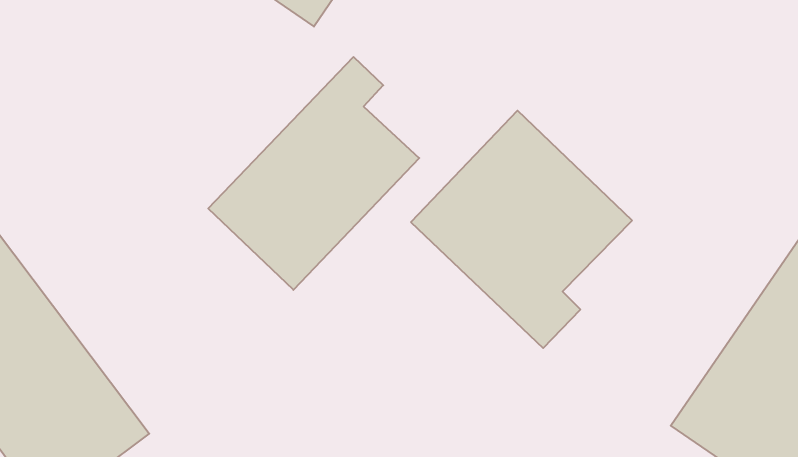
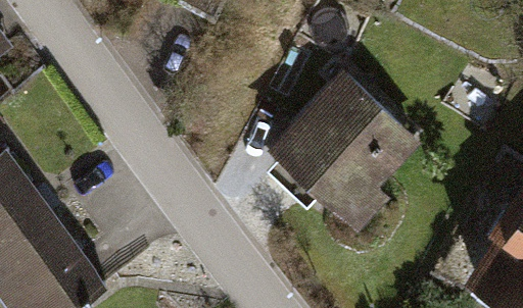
building: [208,57,419,290] -> none

